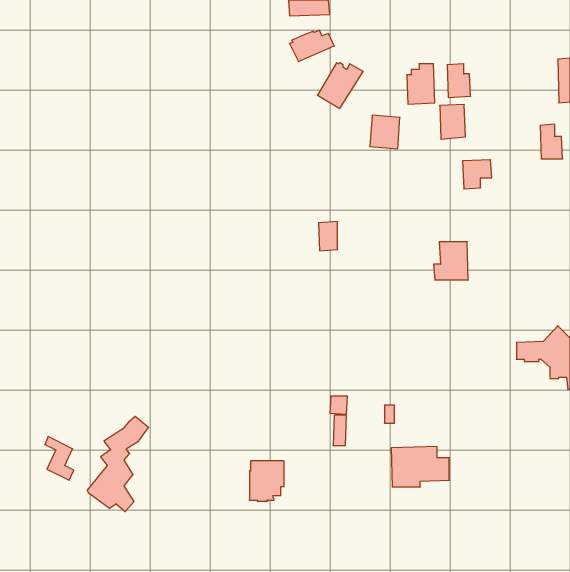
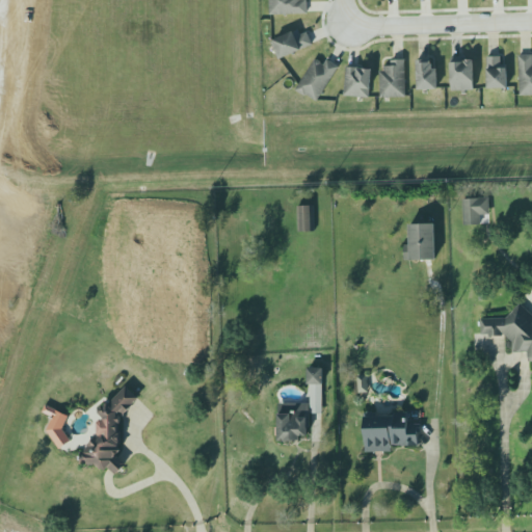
building: [440,104,465,139] -> [449,58,473,90]
building: [370,115,400,149] -> [342,65,370,97]
building: [540,124,563,159] -> [486,56,507,88]
building: [463,160,492,189] -> [462,198,489,225]
building: [249,461,284,501] -> [275,403,308,441]

